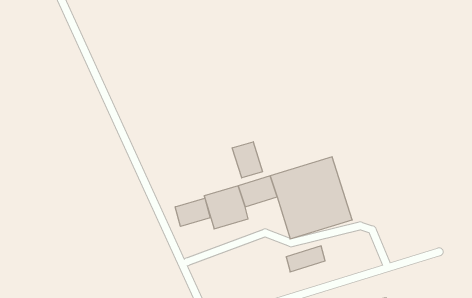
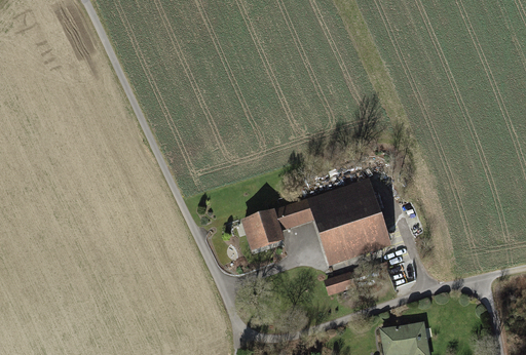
building: [232,142,263,178] -> none
building: [175,198,210,226] -> none

